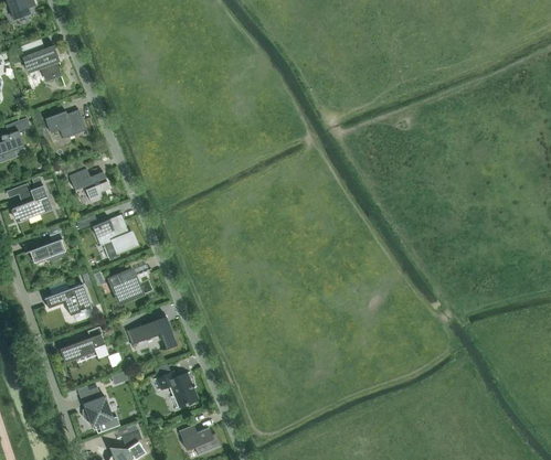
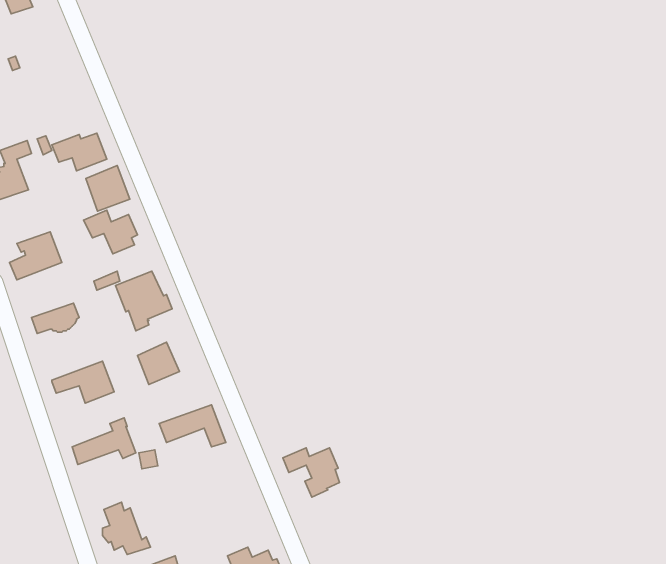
building: [21,40,60,79] -> none
building: none -> [86,166,130,211]
building: [153,372,197,409] -> [283,448,340,497]

